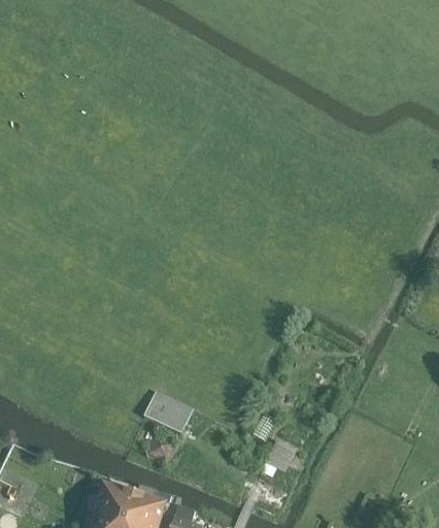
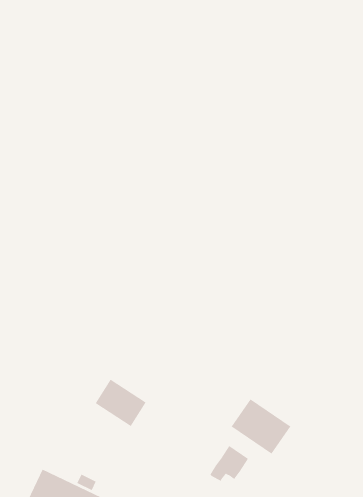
building: none -> [231,398,291,454]

